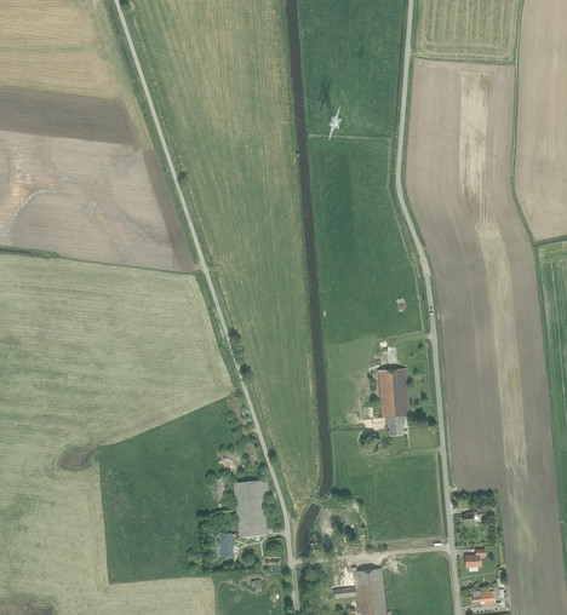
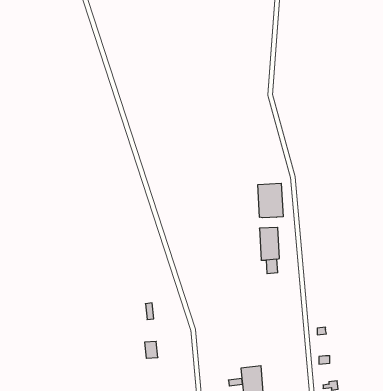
building: none -> [258,183,283,218]
building: [235,479,269,536] -> none

